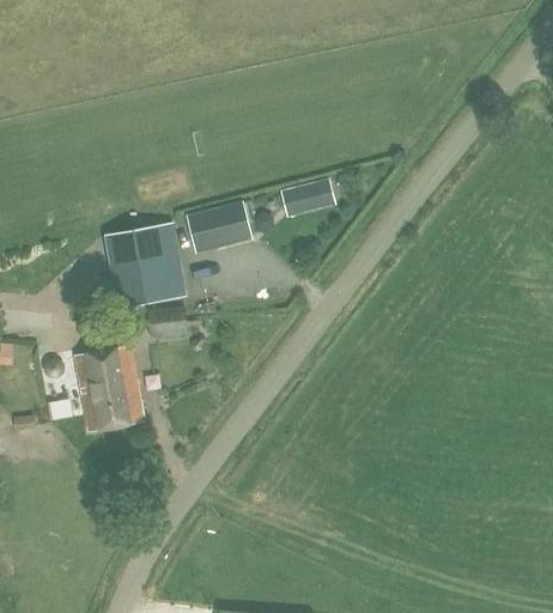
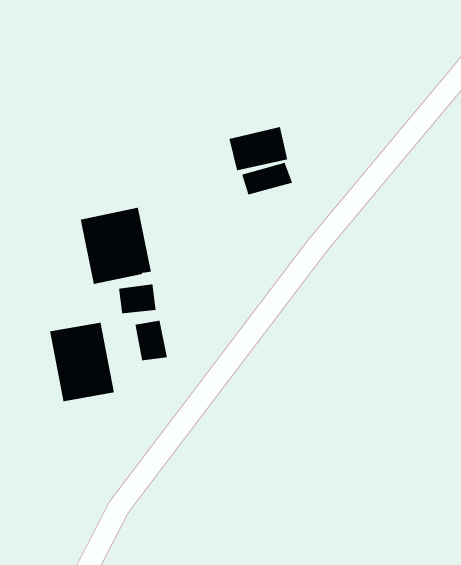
building: [188,204,251,251] -> [228,126,288,171]
building: none -> [134,320,168,361]

